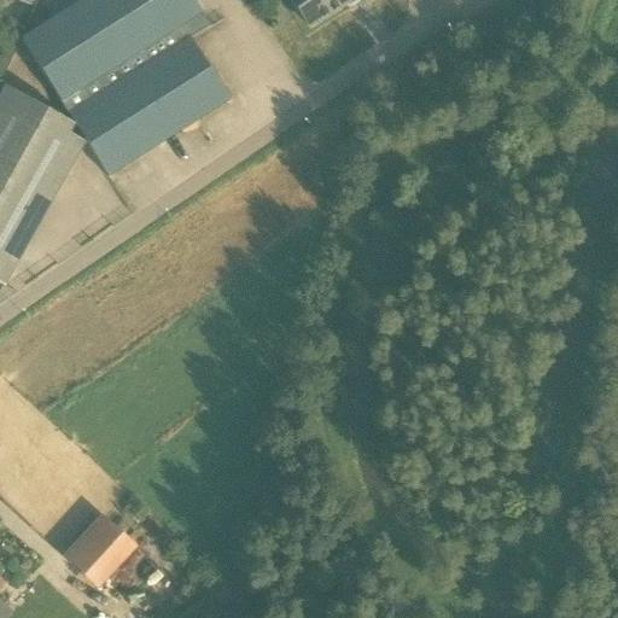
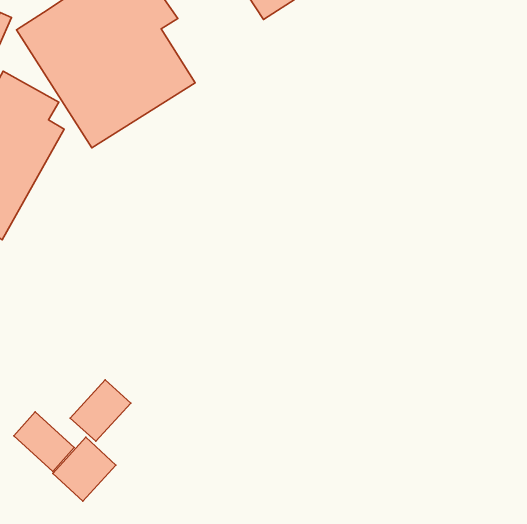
building: none -> [70,380,131,441]
building: none -> [14,412,74,472]

